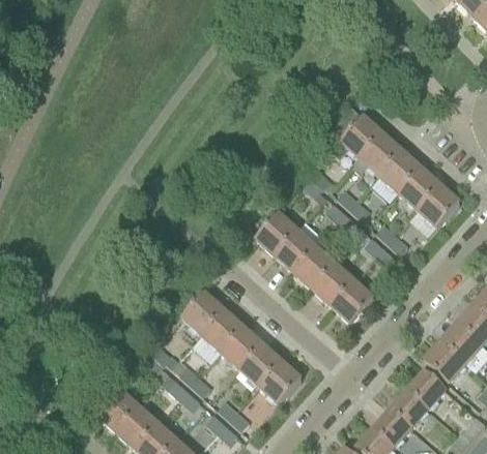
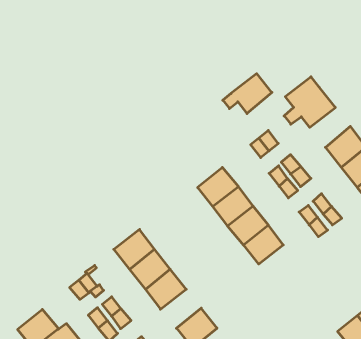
building: [352,133,401,176] -> [223,74,272,114]
building: [332,282,373,324] -> none
building: [239,344,281,386] -> none

